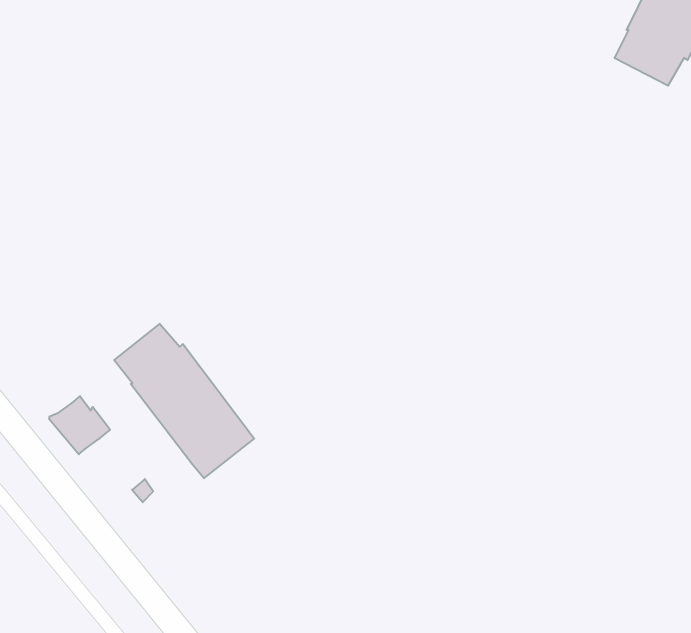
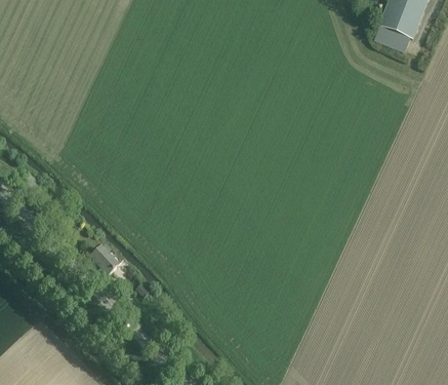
building: [114,324,254,478] -> none

